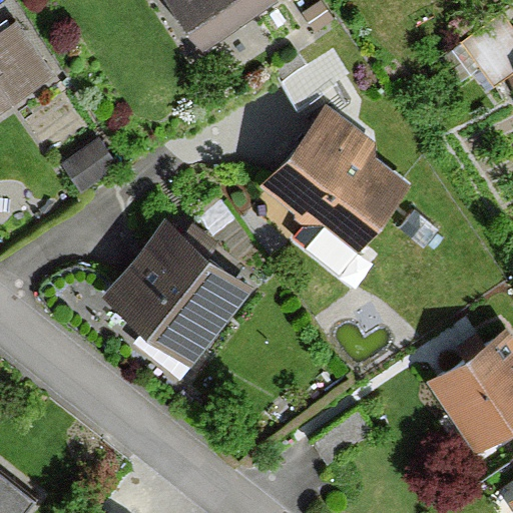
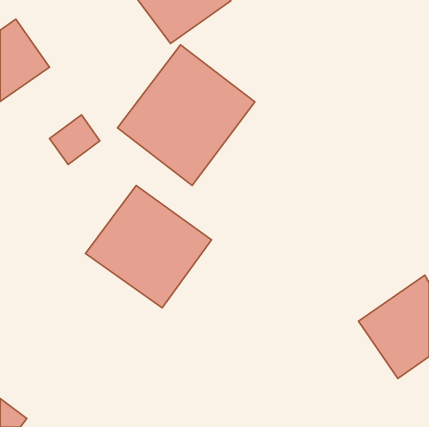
building: none -> [117,45,255,186]
building: [263,107,412,251] -> none

